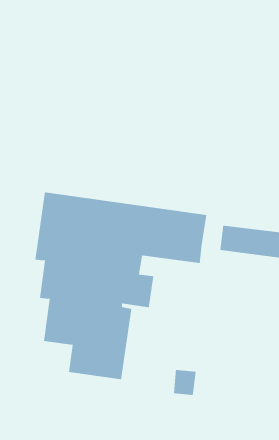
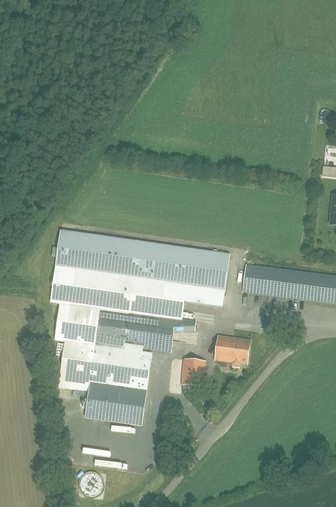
building: none -> [214,335,249,366]
building: [173,370,196,395] -> [181,358,205,385]

